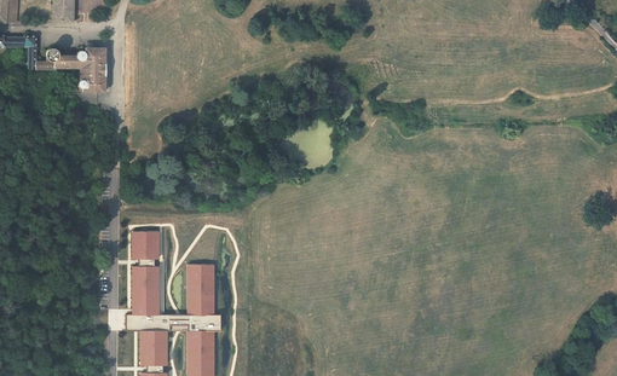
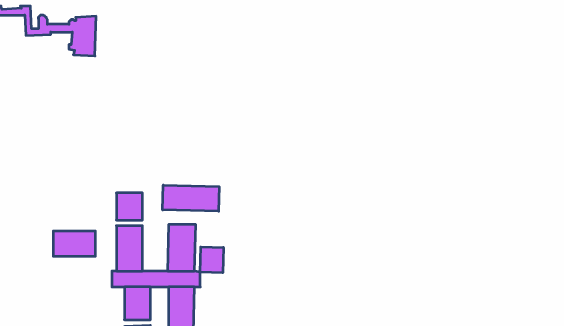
building: none -> [163,185,219,211]
building: none -> [53,231,95,256]
building: none -> [200,247,223,273]

